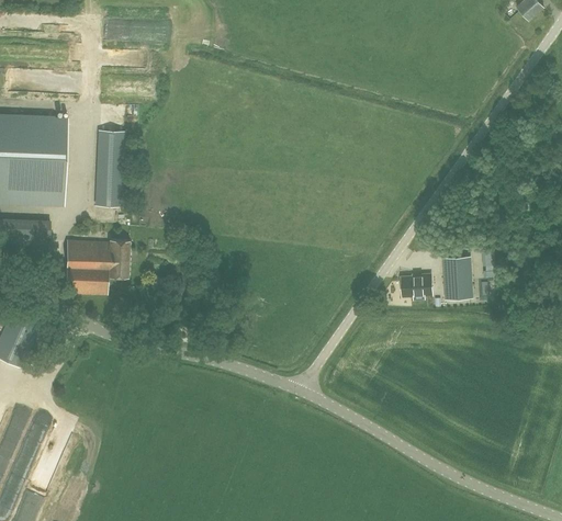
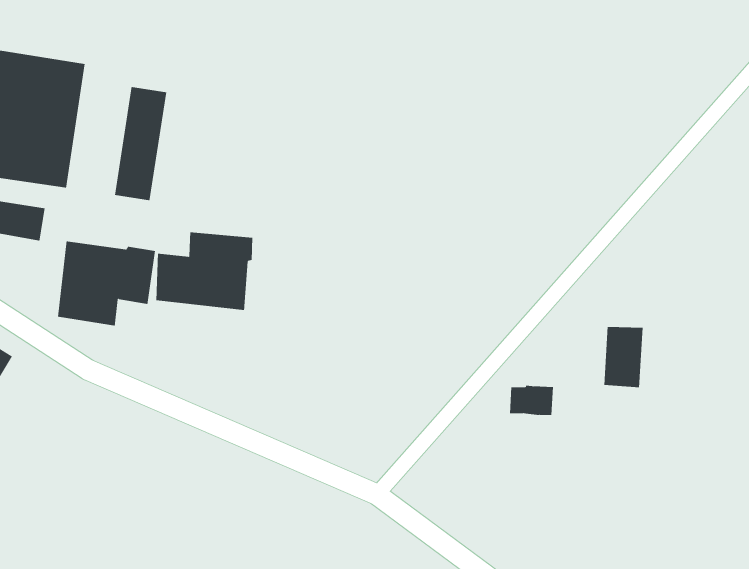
building: none -> [156,232,253,311]
building: [401,274,431,296] -> [509,385,554,416]

